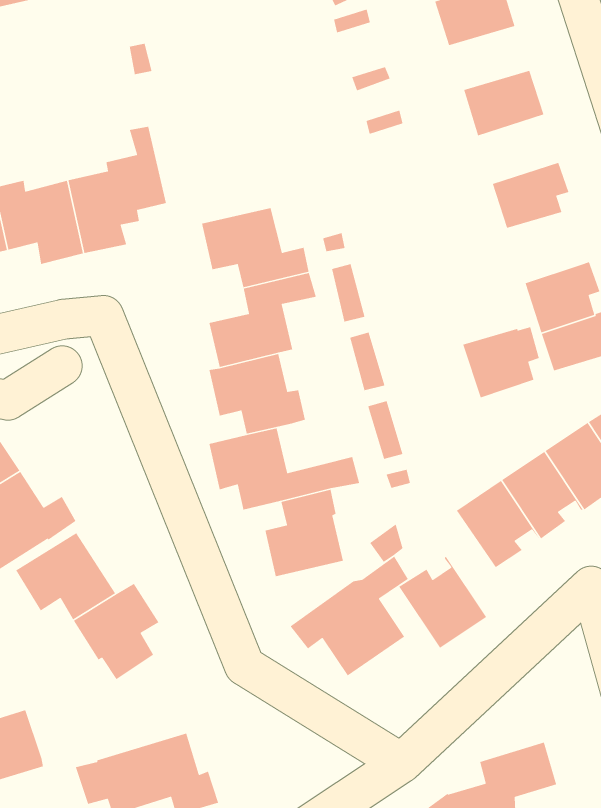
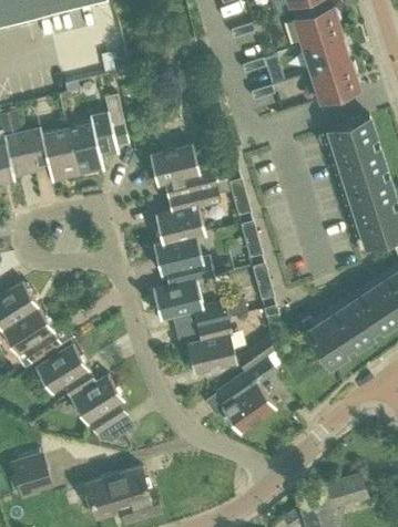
building: none -> [302,34,351,73]
building: [462,326,540,398] -> [337,147,385,192]
building: [398,555,487,649] -> none

